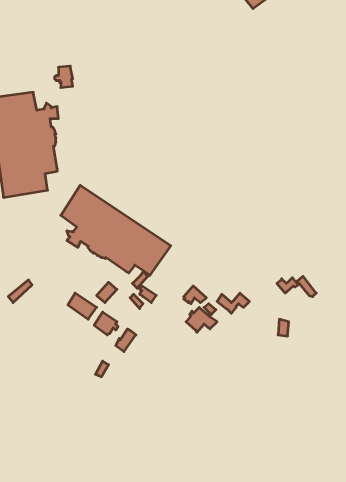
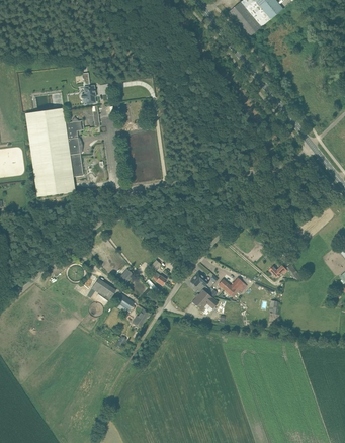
building: [61,185,171,275] -> none

